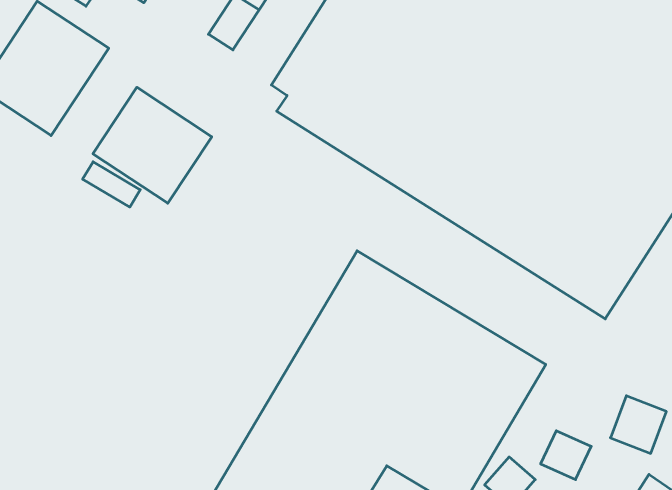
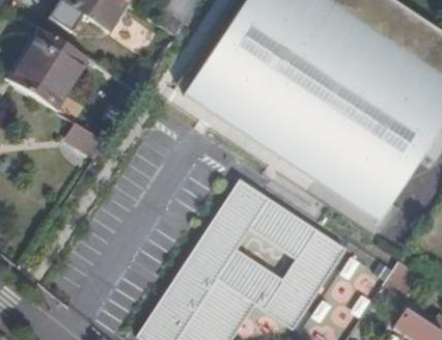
building: [93,87,212,203] -> none

